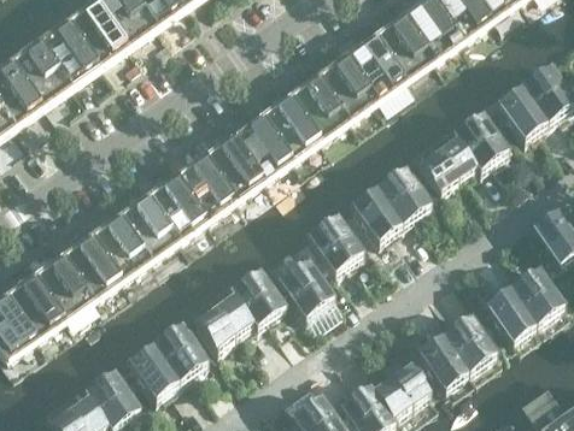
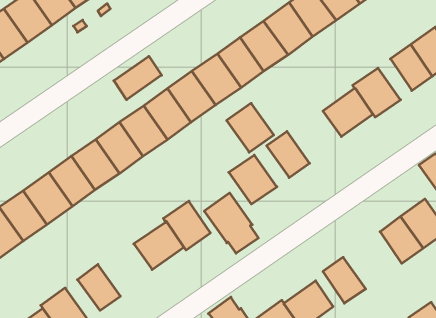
building: none -> [114,56,162,100]
building: [376,164,432,222] -> [227,103,274,152]
building: [443,312,498,370] -> none
building: [153,320,209,378] -> none

